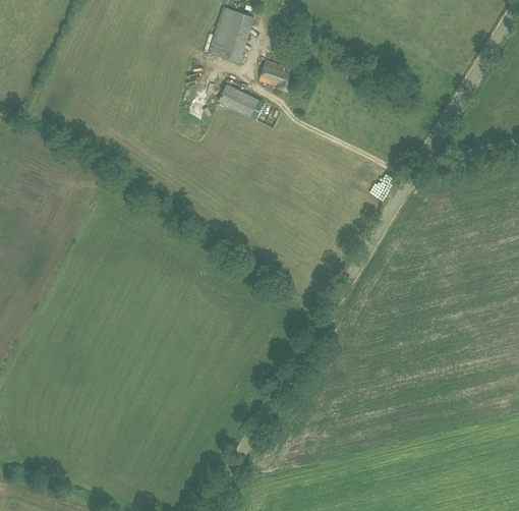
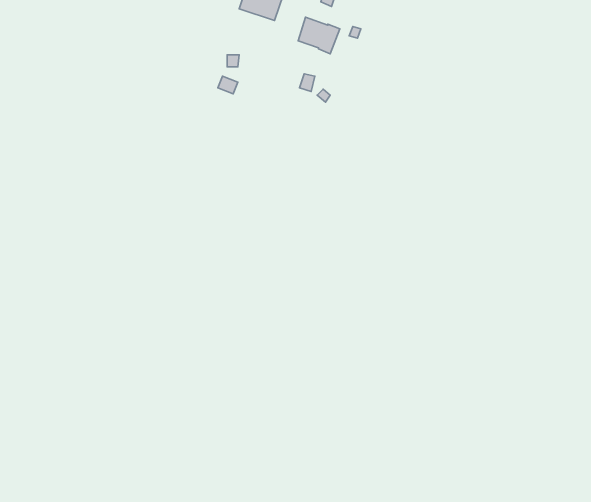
building: [218,83,258,117] -> none

